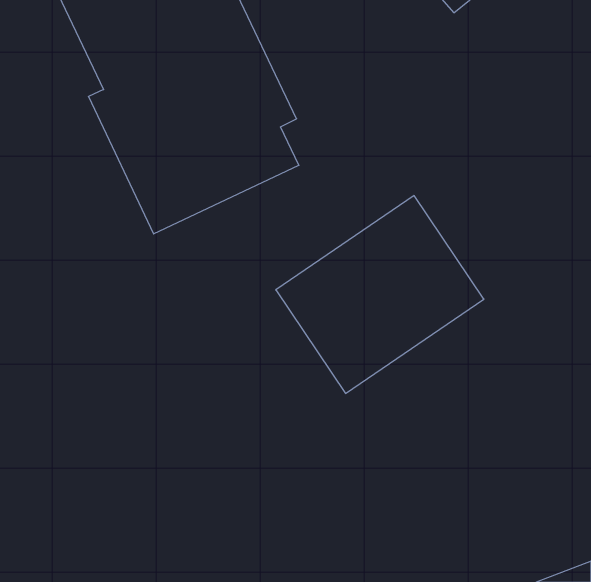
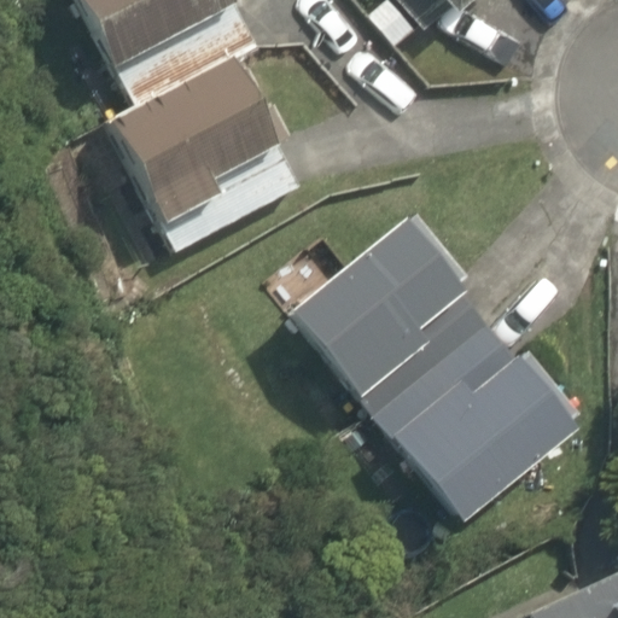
building: none -> [358,310,585,530]

